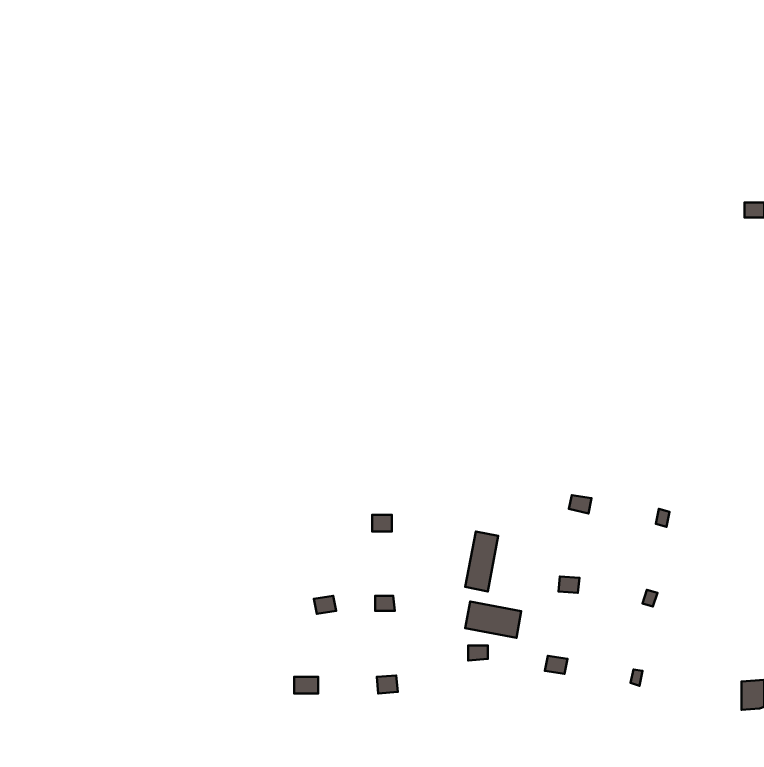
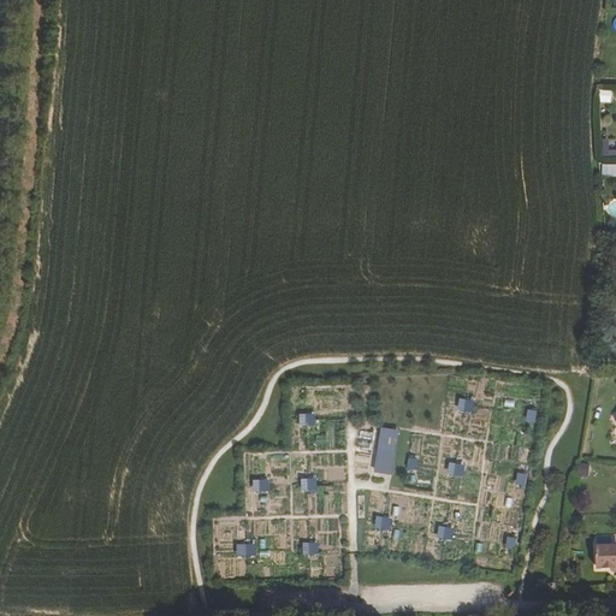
building: [465,602,521,638] -> none

